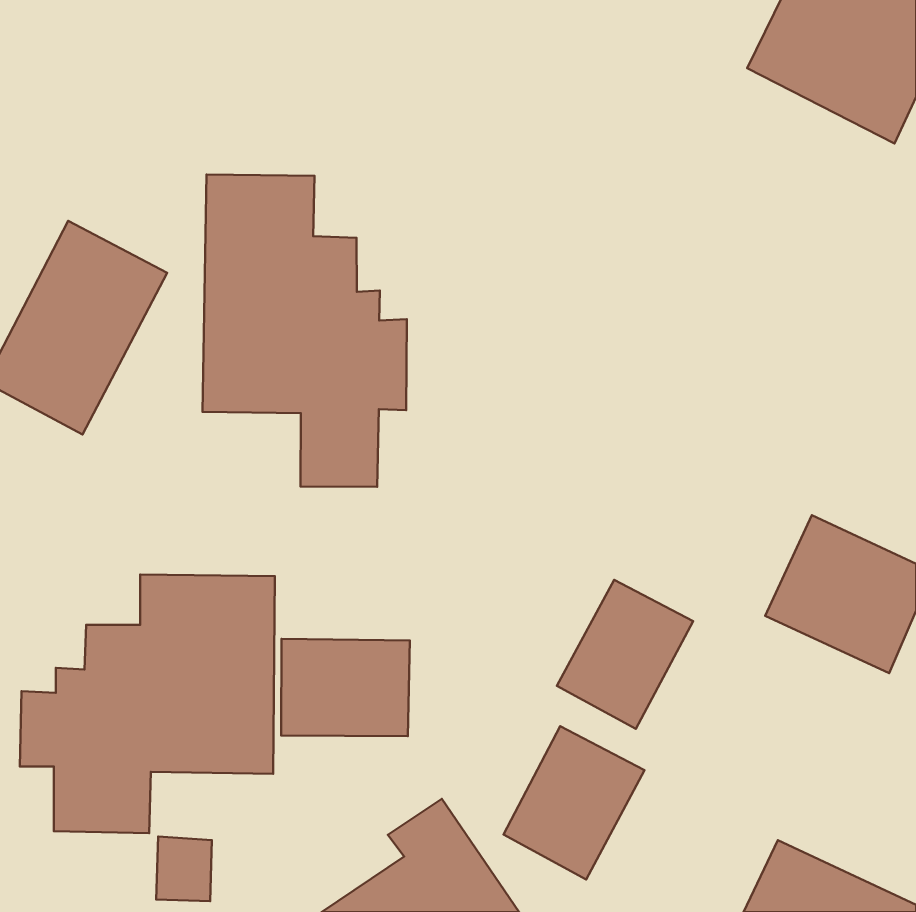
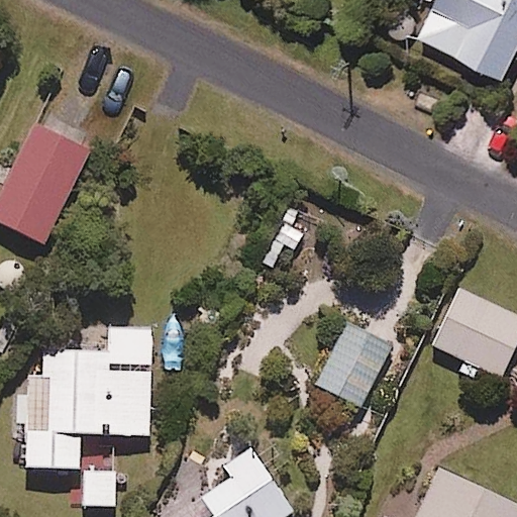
building: [203,174,407,487] -> none
building: [281,639,410,736] -> none
building: [503,726,645,879] -> none

